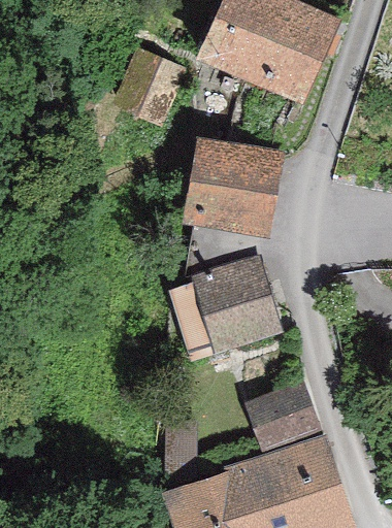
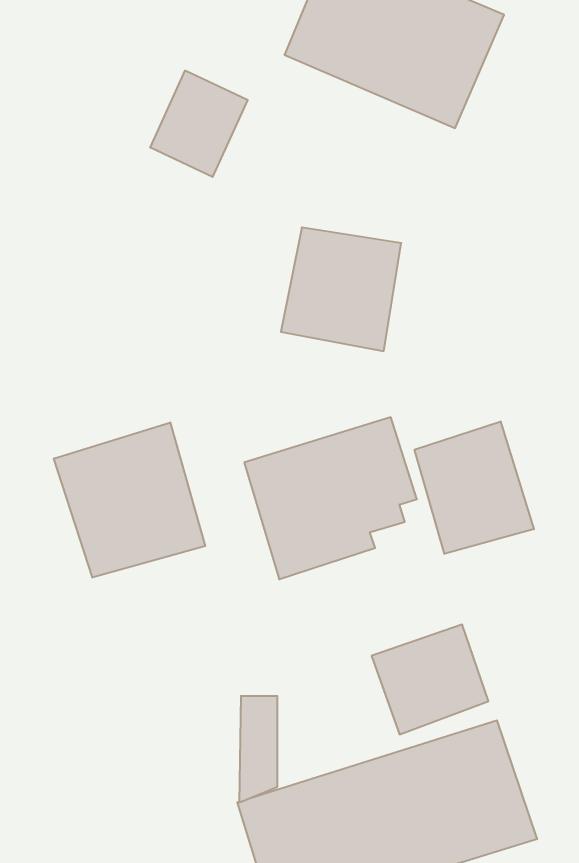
building: none -> [415,421,534,554]
building: none -> [54,422,205,578]

